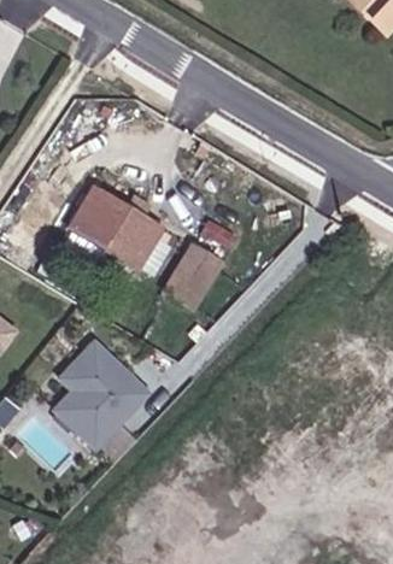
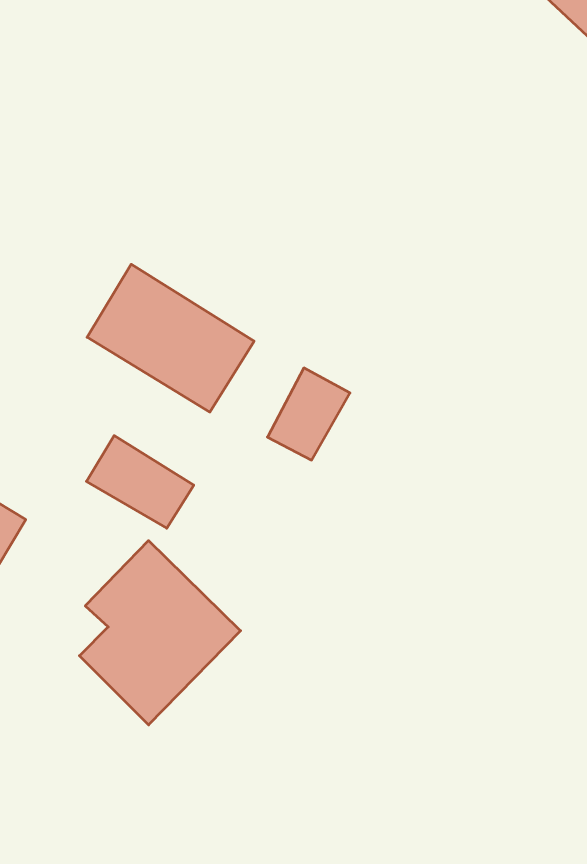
building: none -> [86,436,194,528]

